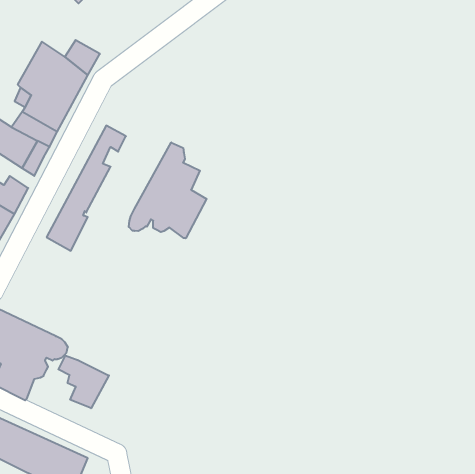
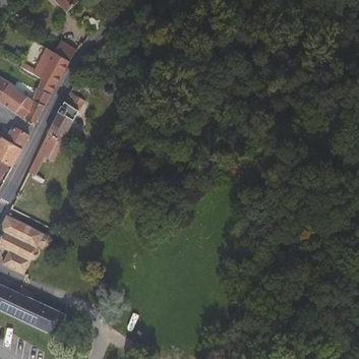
building: [129,142,207,238] -> none
building: [58,355,109,408] -> none

